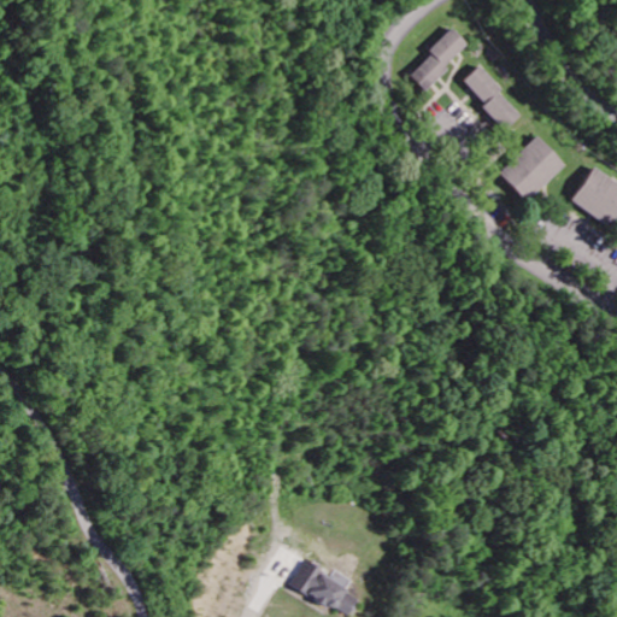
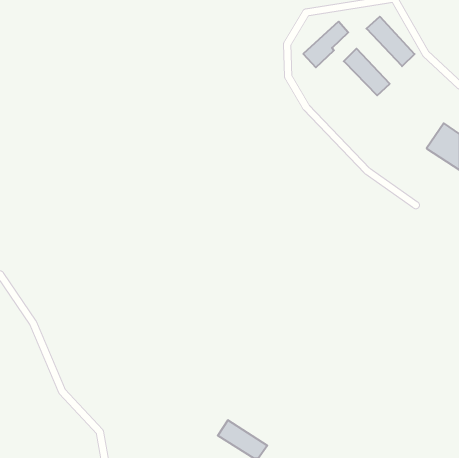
building: none -> [366,17,415,66]
building: [498,135,565,202] -> none

